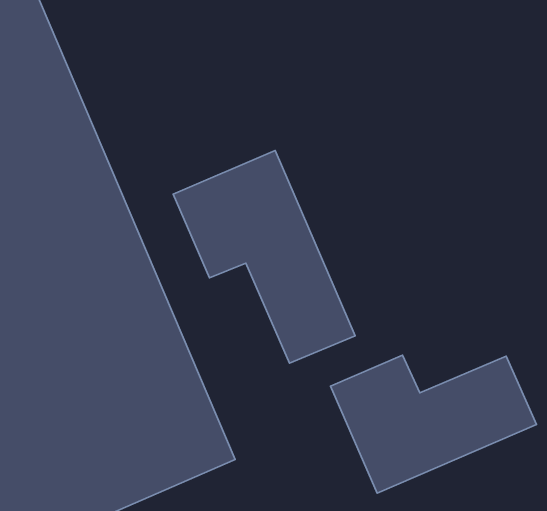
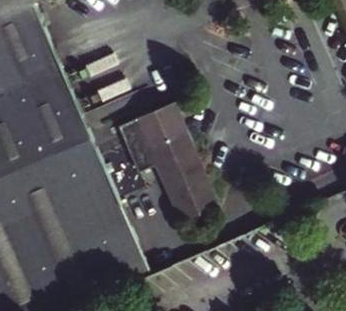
building: [331,355,536,493] -> none

